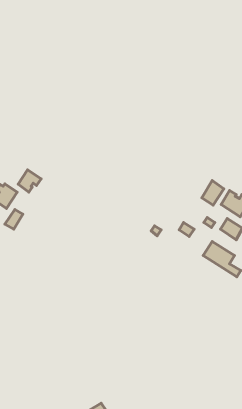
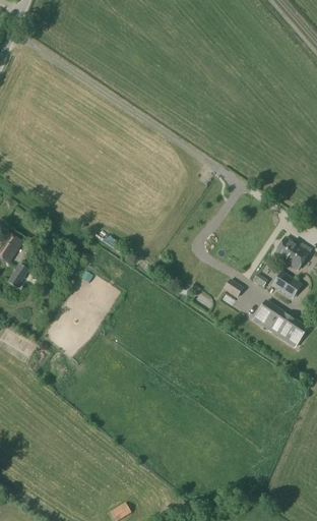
building: [18,170,41,192] -> none
building: [202,181,224,205] -> none

